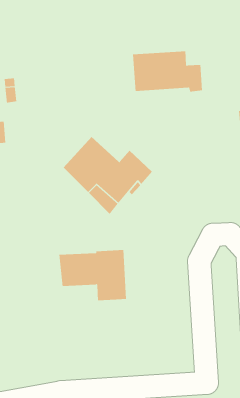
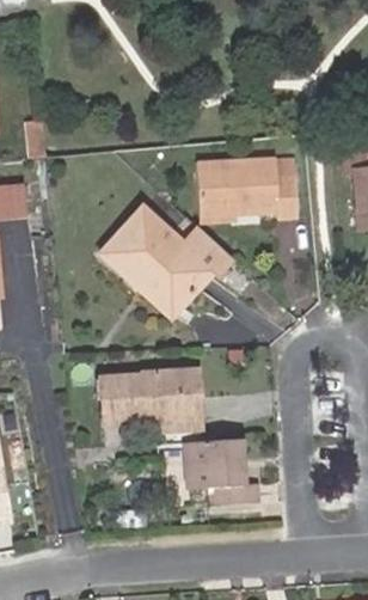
building: [132,51,203,92] -> [198,159,299,218]
building: none -> [184,436,252,502]

